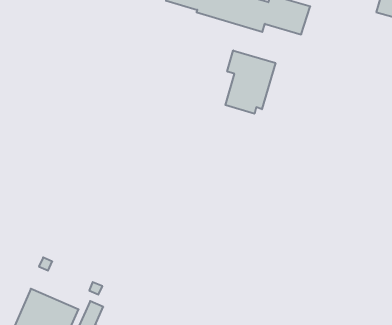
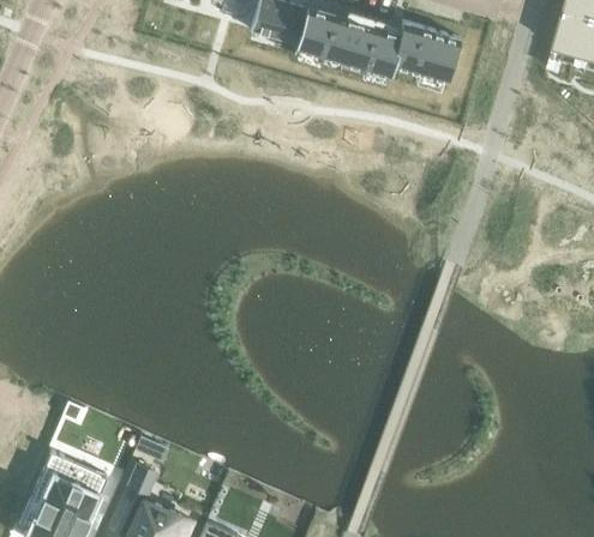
building: [225,50,275,114] -> none

